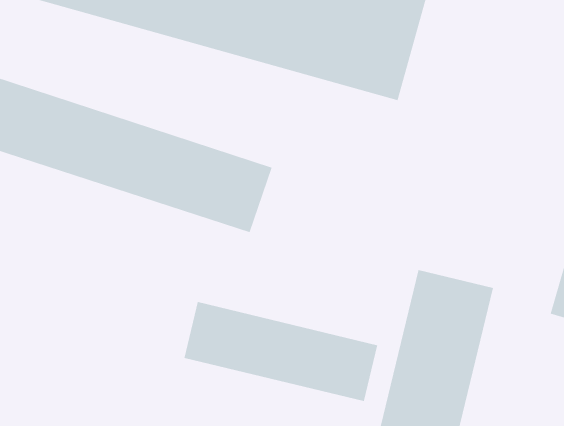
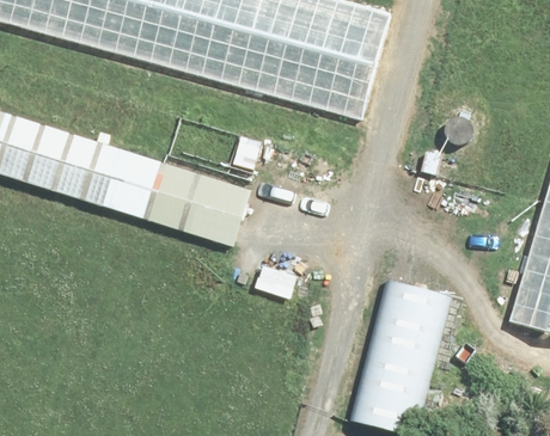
building: [184,301,378,402] -> none

